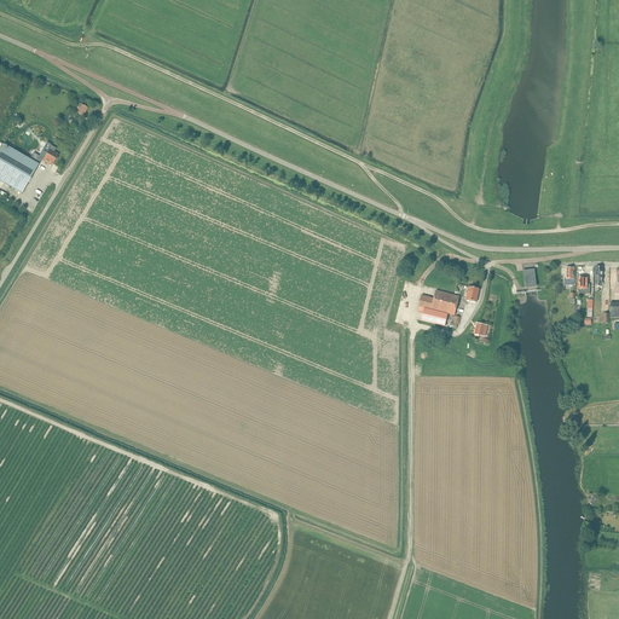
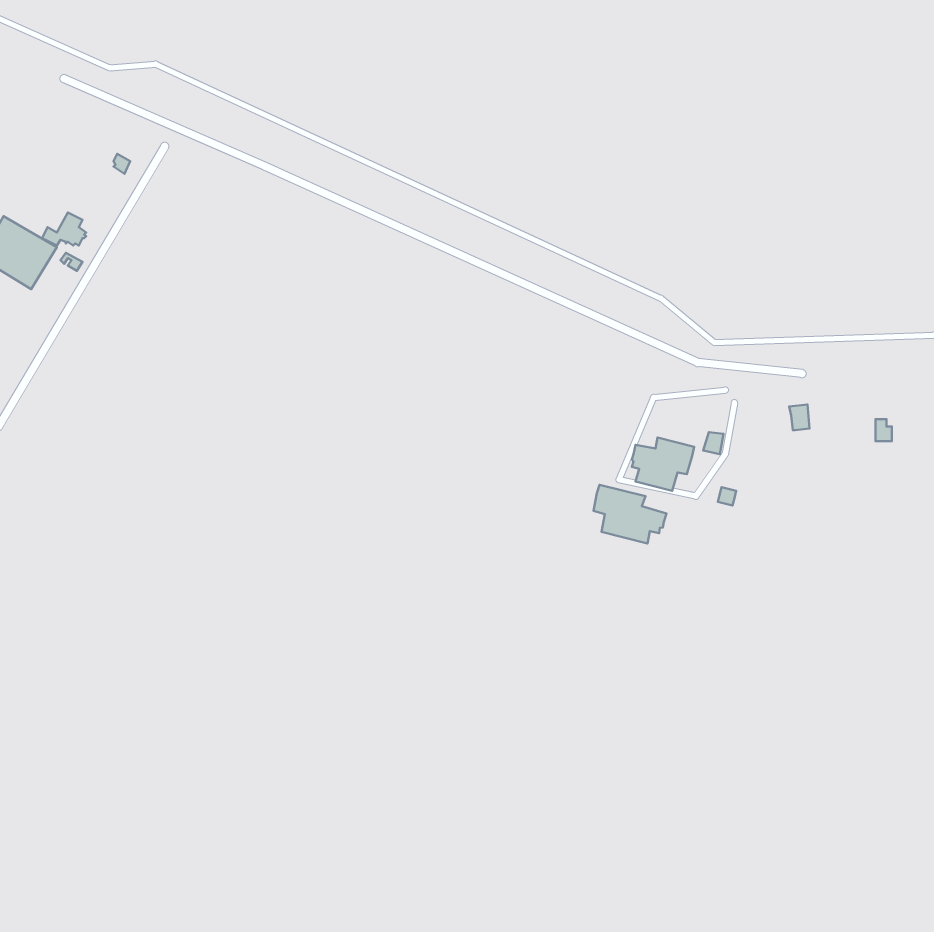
building: none -> [594,485,666,543]

